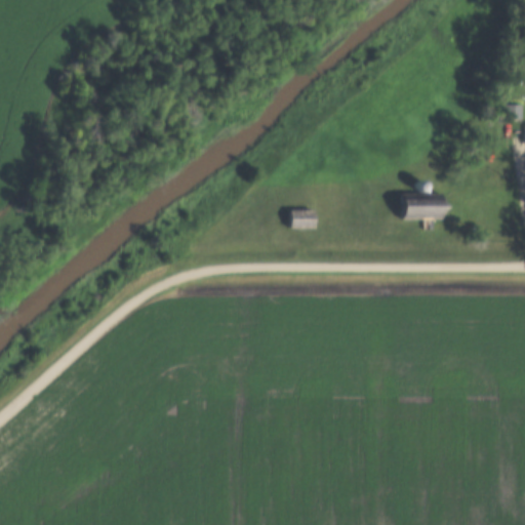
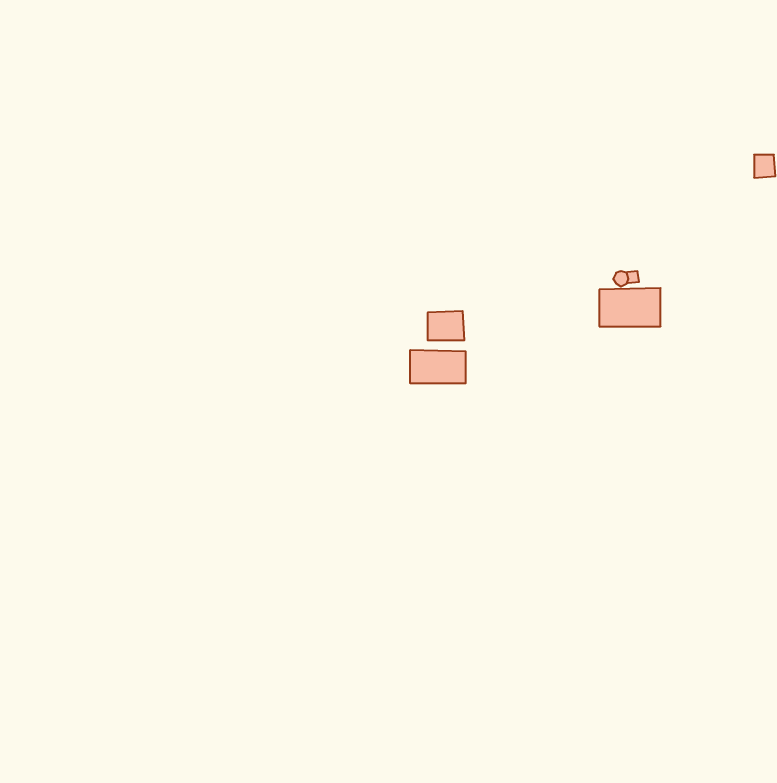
building: none -> [410,350,466,383]

